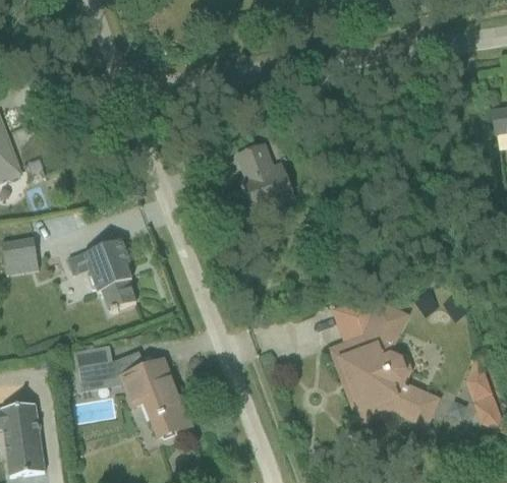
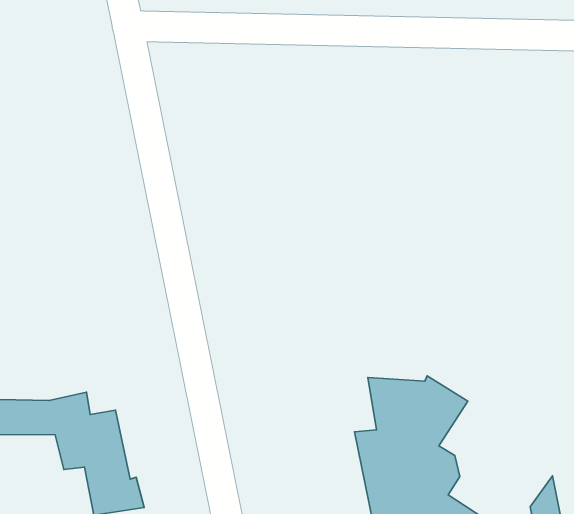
building: [237,144,293,213] -> none
building: [67,239,135,311] -> none

